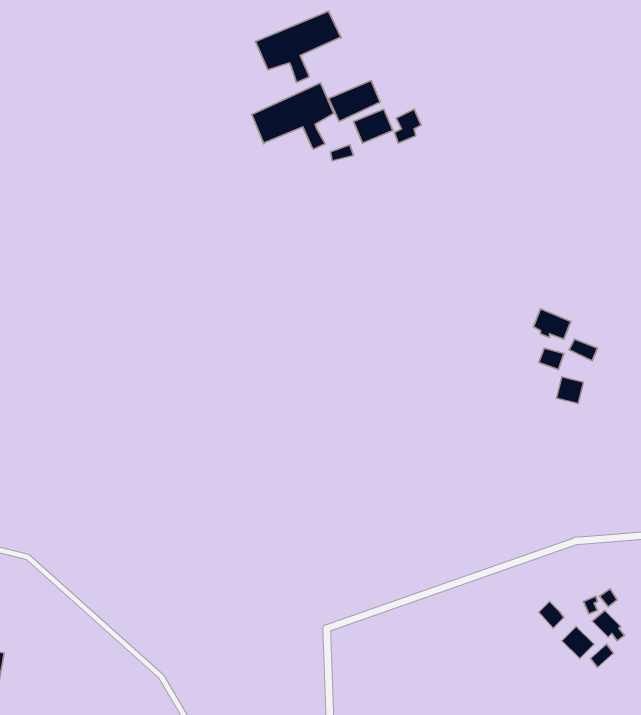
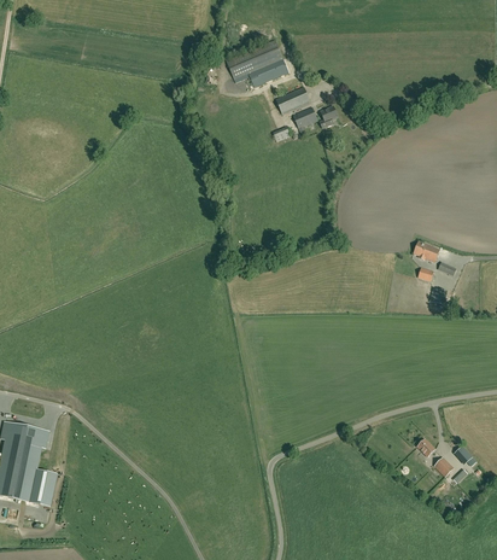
building: [252,83,334,149] -> none

